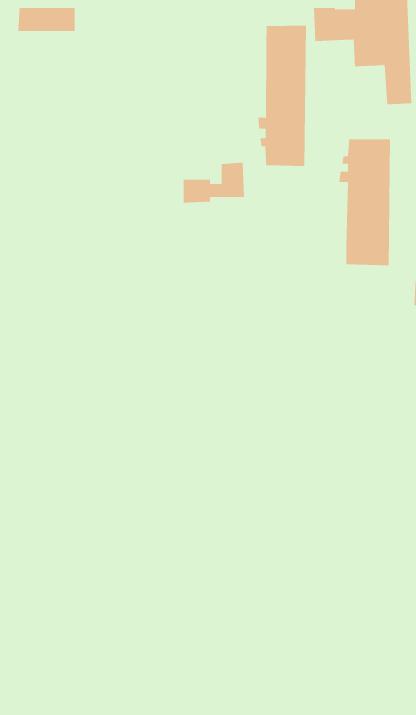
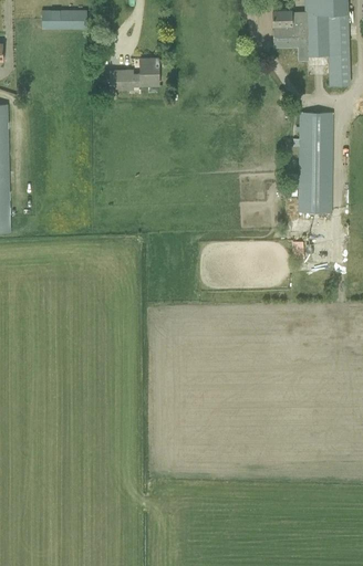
building: [258,25,306,167] -> none
building: [183,162,245,203] -> [110,57,158,90]

